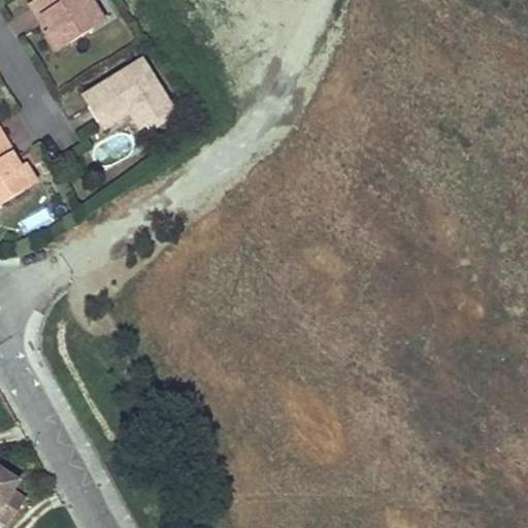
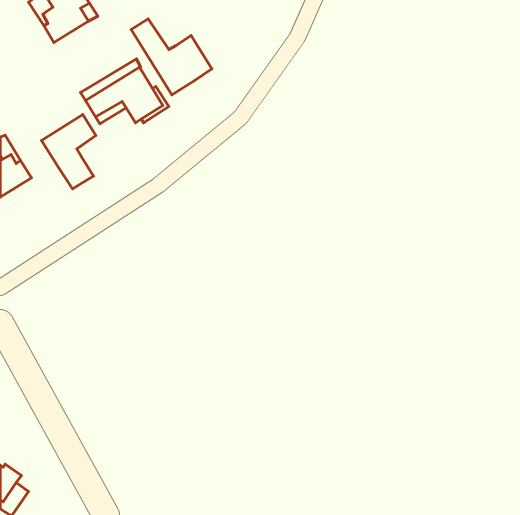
building: none -> [131,19,212,95]
building: none -> [42,115,96,189]

